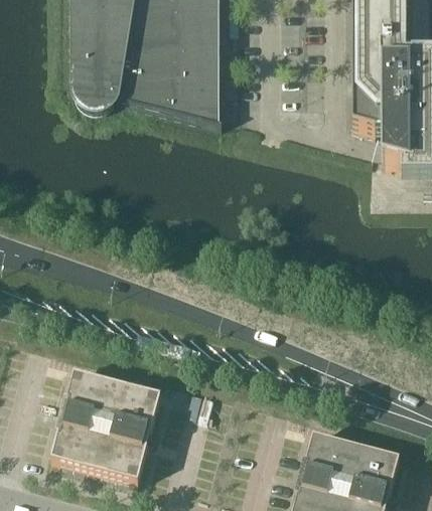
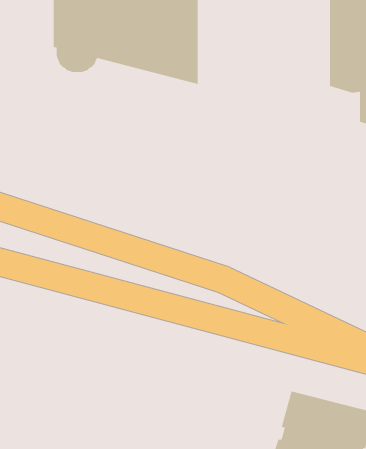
building: [51,370,161,480] -> none

